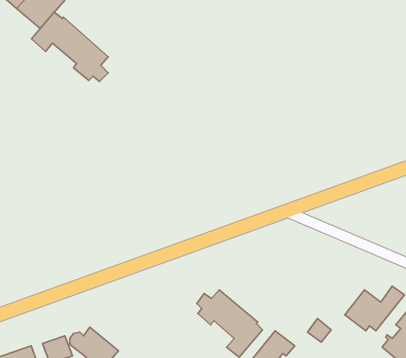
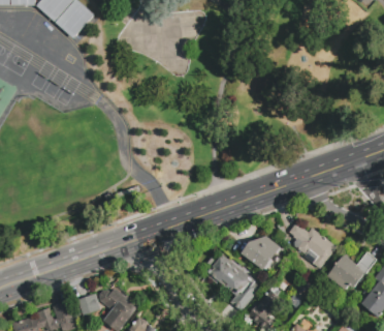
building: [32,12,108,81] -> none
building: none -> [288,223,335,269]
building: none -> [241,231,280,270]

